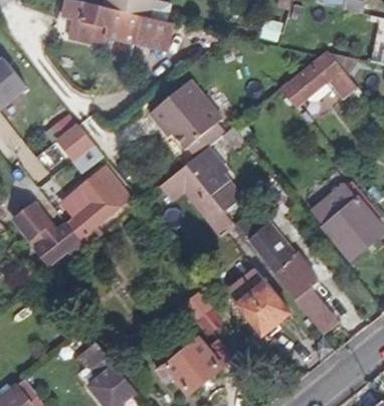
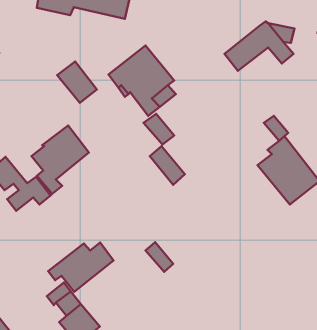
building: [57,125,102,171] -> [57,62,97,103]
building: [156,163,208,202] -> none
building: [246,228,335,331] -> none
building: [229,269,289,331] -> none
building: [160,336,233,391] -> [48,242,114,292]

